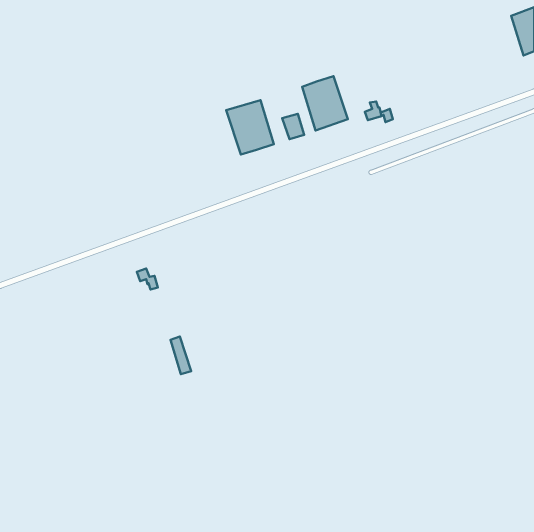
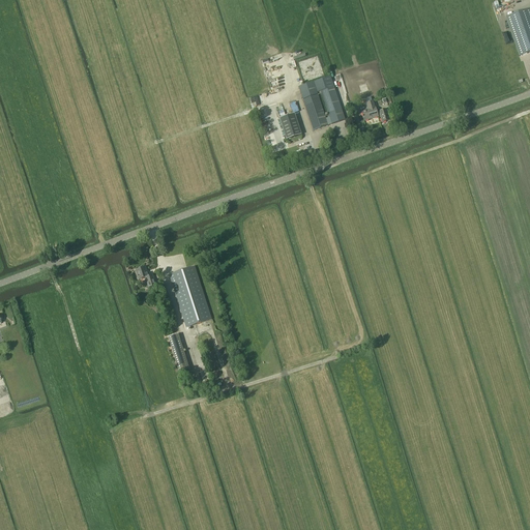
building: [226,100,274,154] -> none
building: none -> [169,265,211,326]

